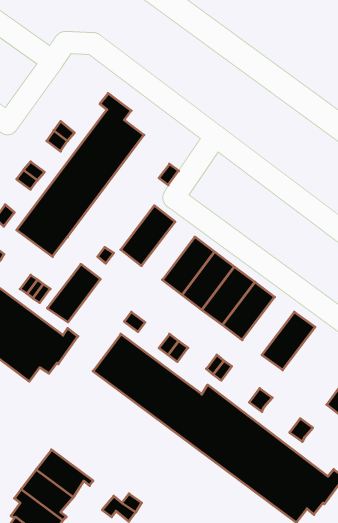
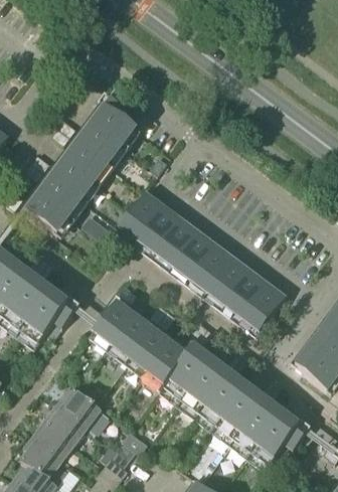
building: [47,264,100,322] -> [135,201,181,252]
building: none -> [222,267,268,317]
building: none -> [56,381,109,429]

